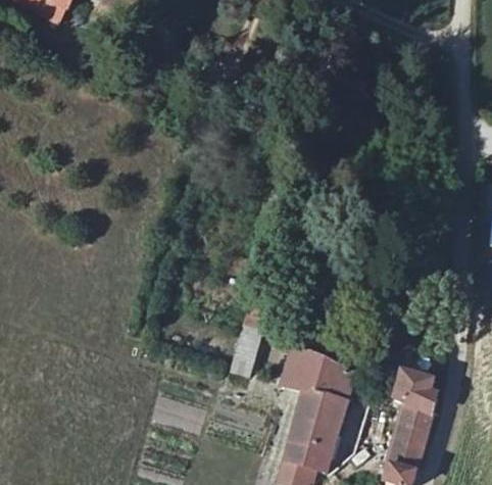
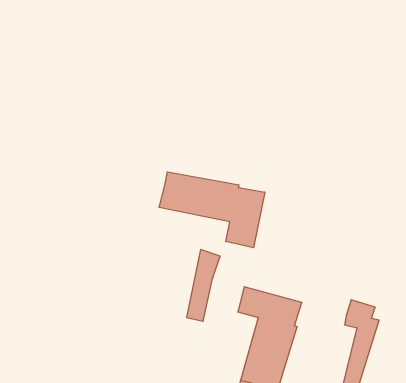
building: none -> [159,172,265,248]

